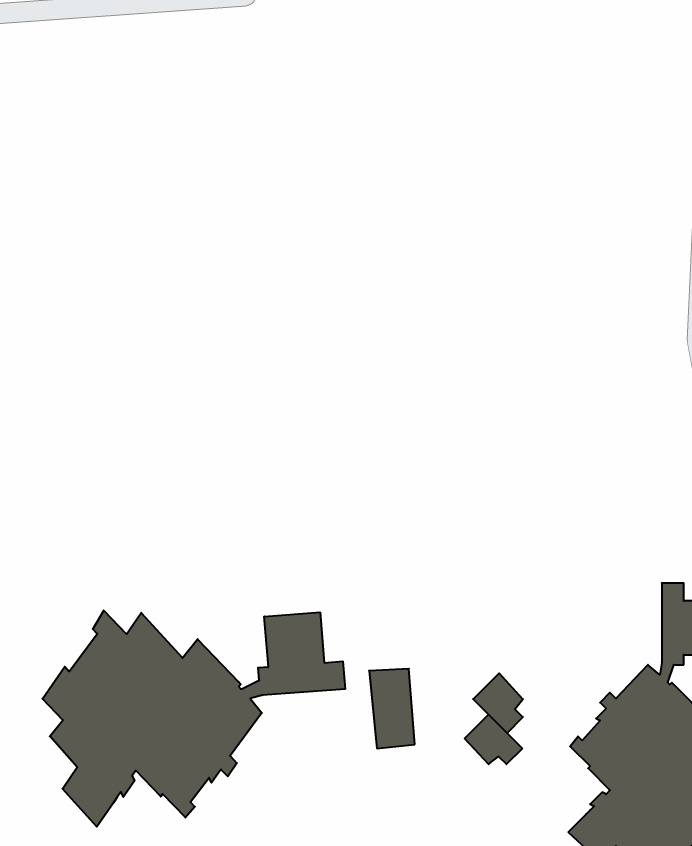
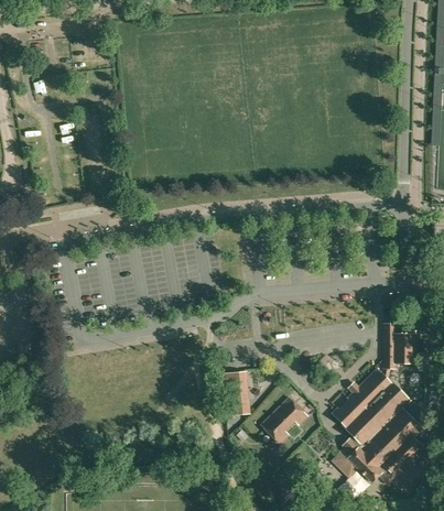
building: [42,610,345,827] -> none
building: [473,673,523,733] -> [261,409,289,442]

